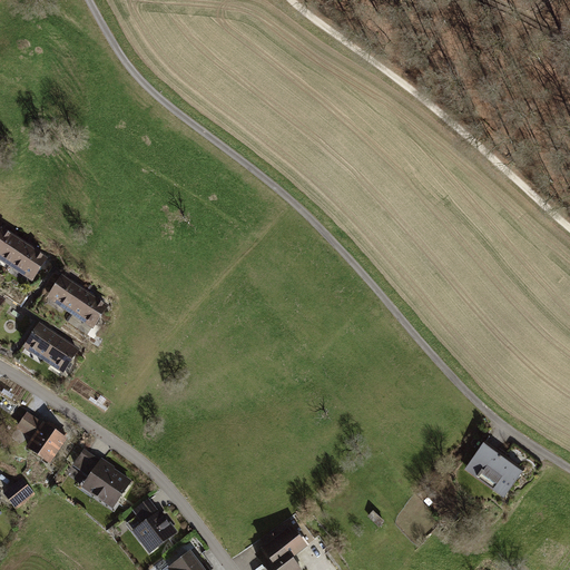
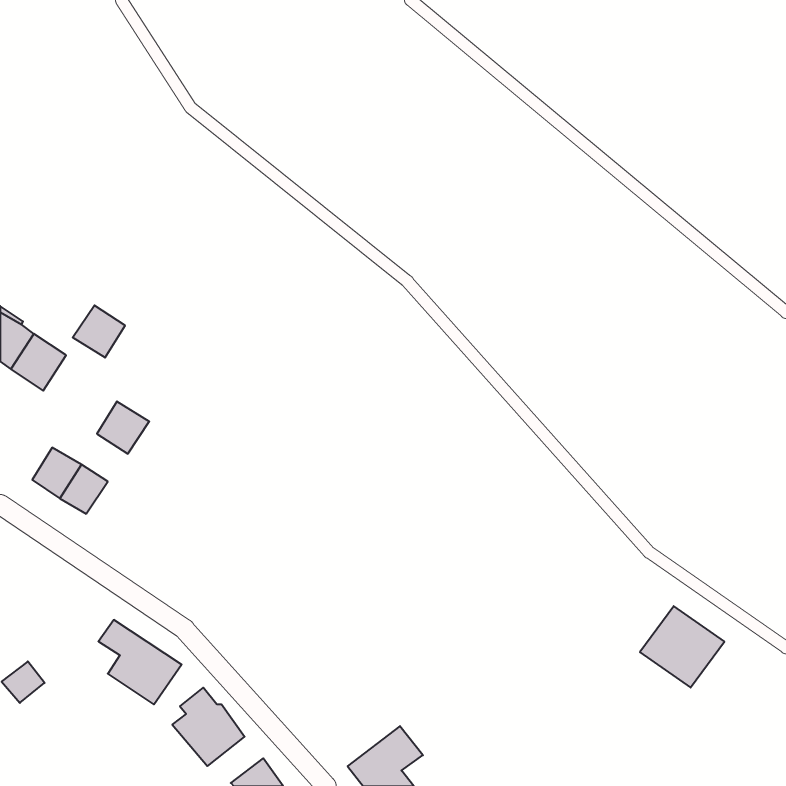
building: [47,276,85,314] -> [73,305,125,358]
building: [13,412,66,465] -> none

